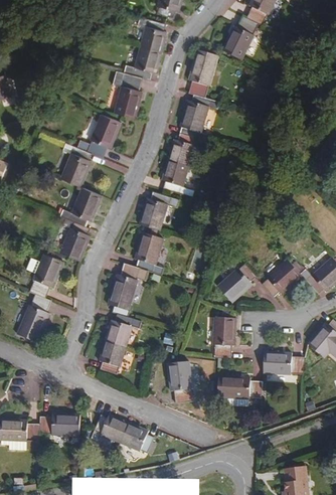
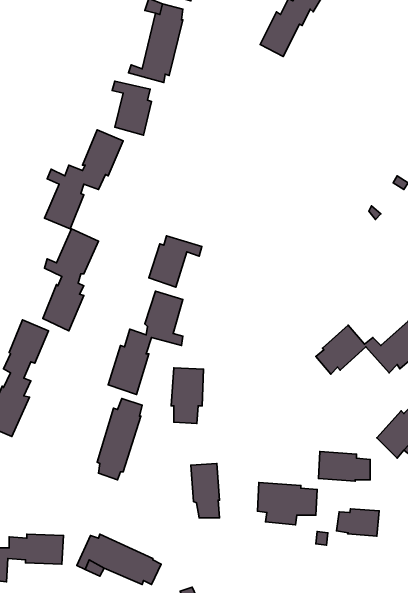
building: [163,50,220,195] -> none
building: [220,262,258,301] -> none
building: [212,316,236,357] -> [171,368,204,424]
building: none -> [337,509,379,536]

